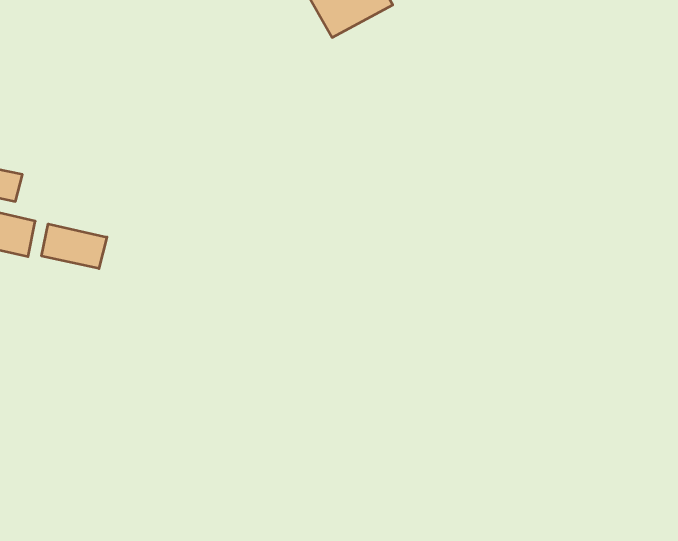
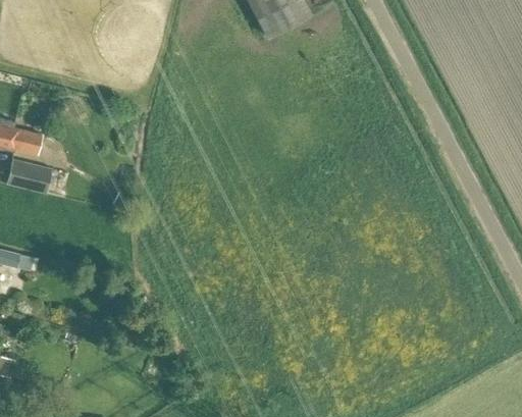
building: [42,224,107,269] -> none

